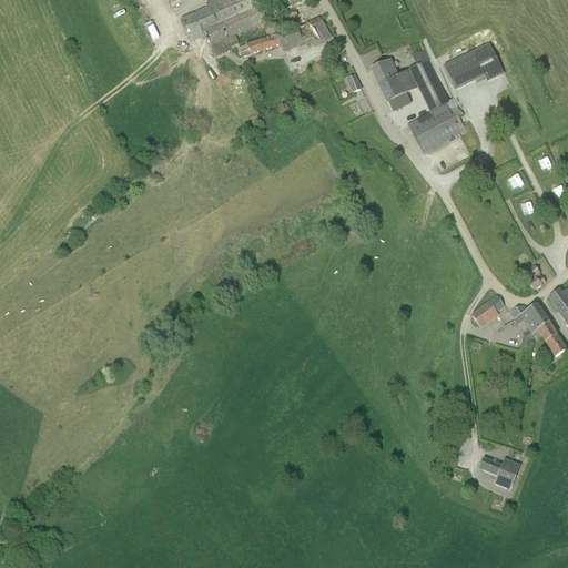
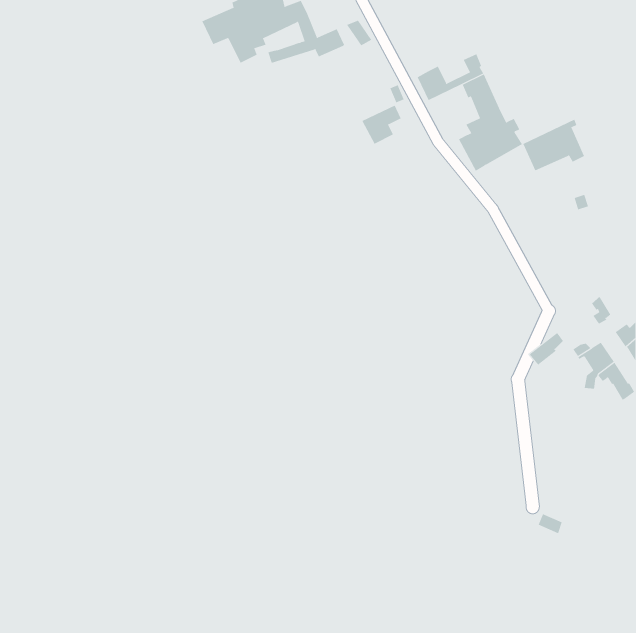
building: [444,42,499,89] -> [522,119,585,171]
building: [382,75,417,111] -> [362,105,401,145]
building: [494,459,519,490] -> none

